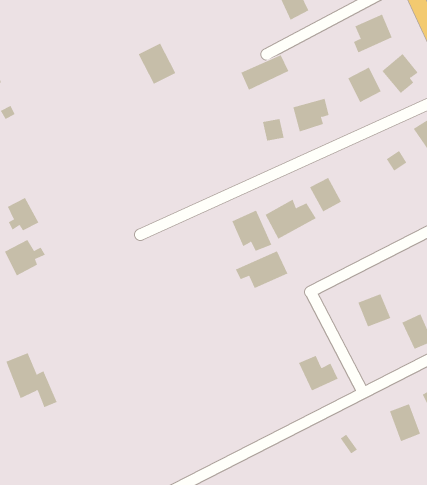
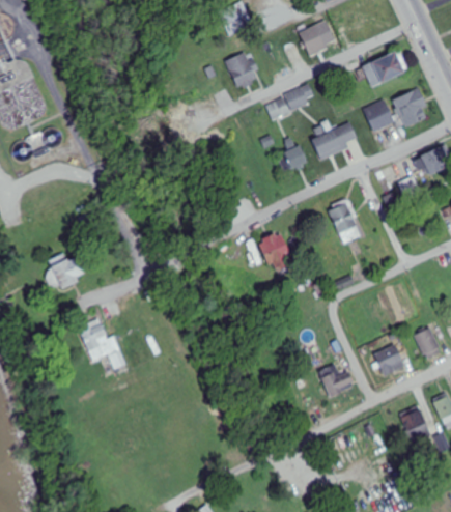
building: [138,43,176,85] -> [224,51,259,89]
building: [7,197,39,231] -> none
building: [265,199,316,239] -> none
building: [235,250,288,289] -> none
building: [357,293,391,327] -> [373,345,404,376]
building: [6,353,57,408] -> [78,319,125,370]

